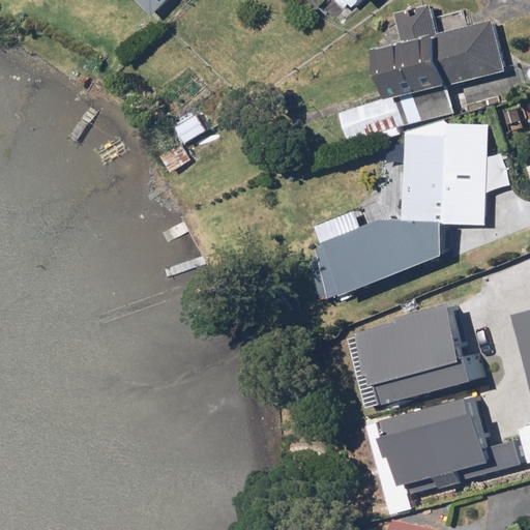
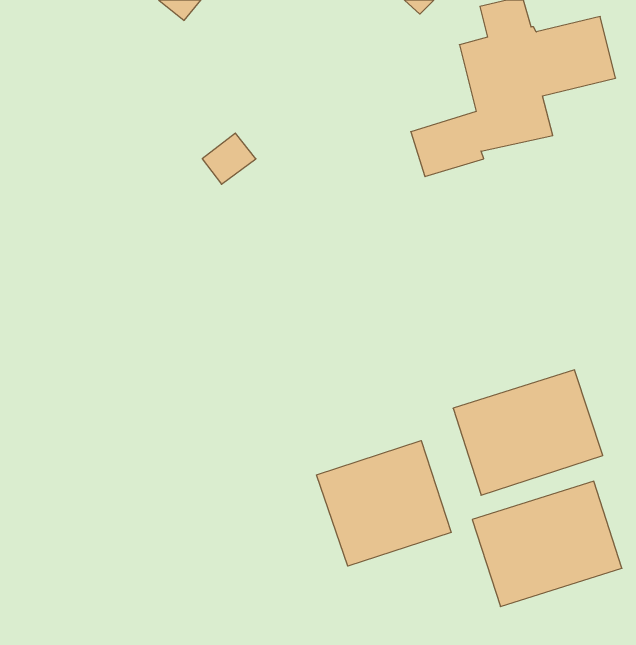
building: [308,121,483,292] -> none
building: none -> [316,441,451,566]

